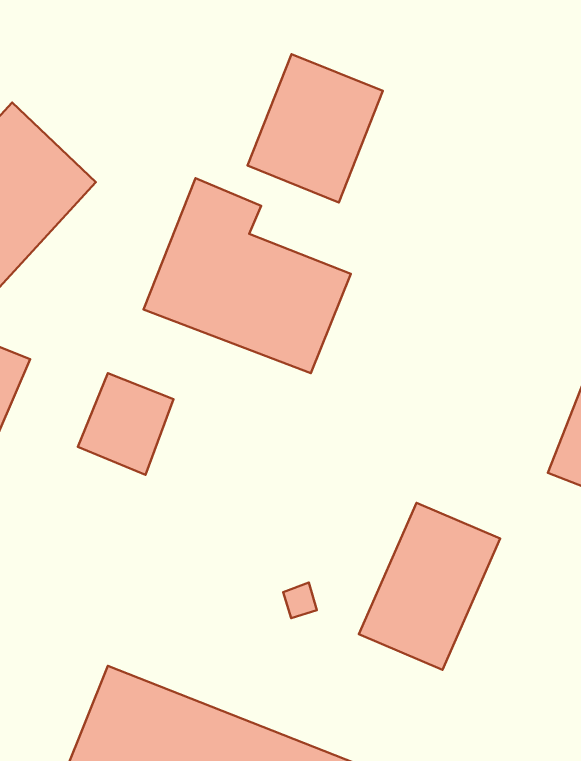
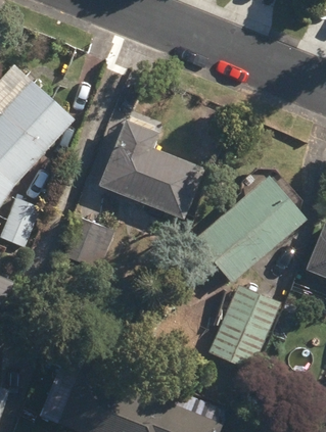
building: [247,54,383,202] -> none
building: none -> [194,175,308,283]

